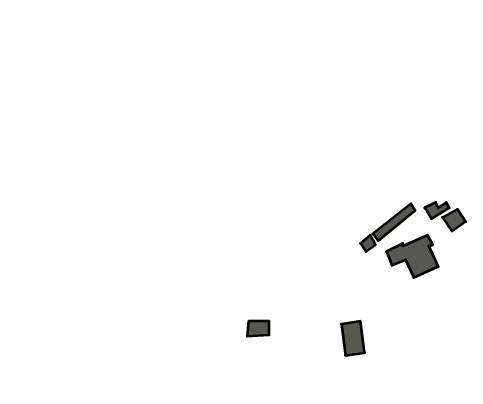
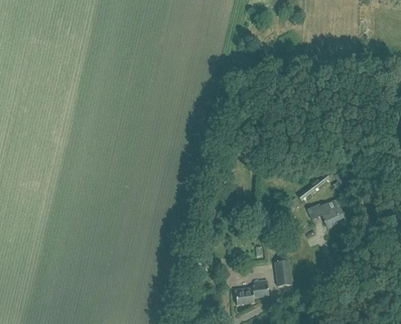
building: none -> [235,280,269,305]

